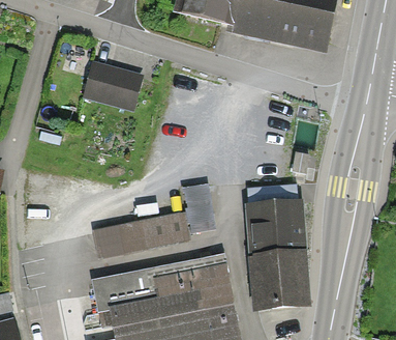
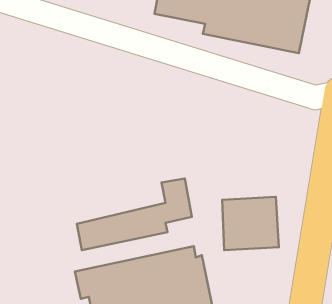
building: [86,62,140,109] -> none
building: [249,254,307,308] -> none

